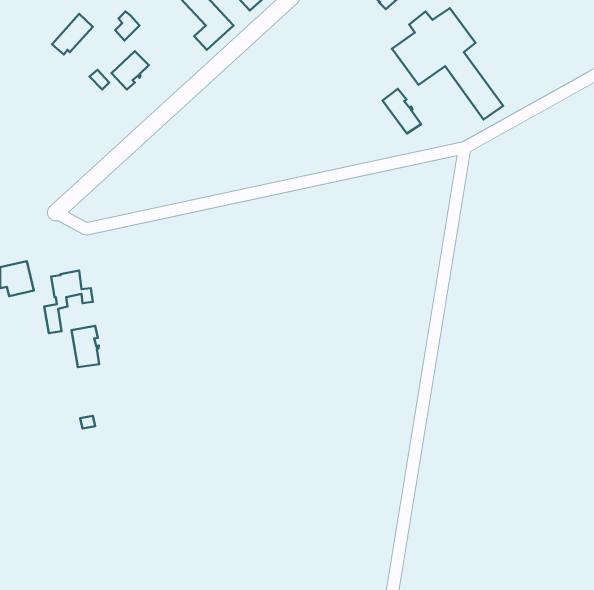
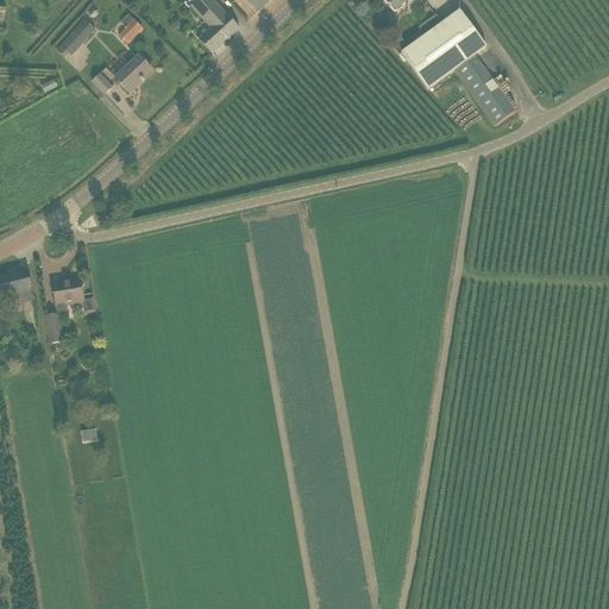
building: [383,89,421,134] -> none
building: [71,326,99,367] -> none

